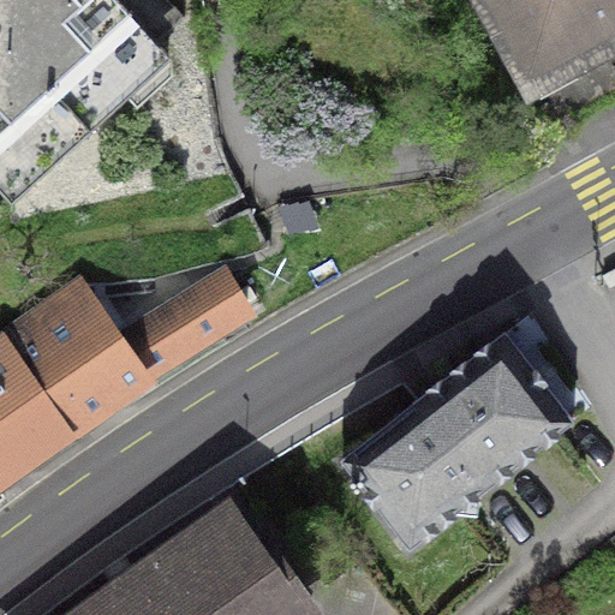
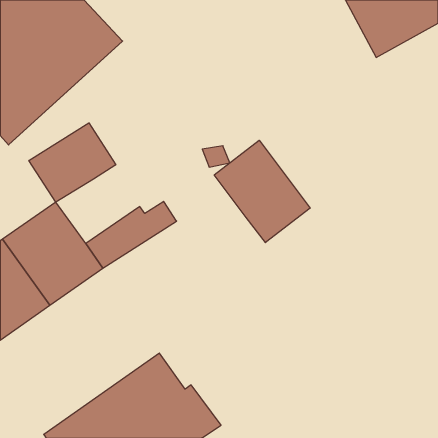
building: none -> [29,123,116,202]
building: none -> [214,140,310,243]
building: [340,332,574,548] -> none

